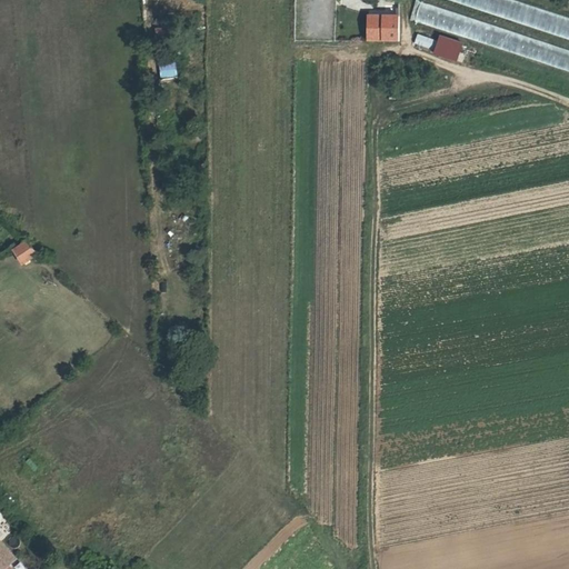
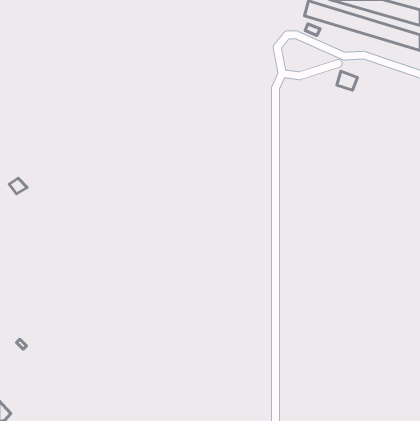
building: [368,14,398,40] -> none
building: [432,34,460,60] -> [337,71,357,90]

